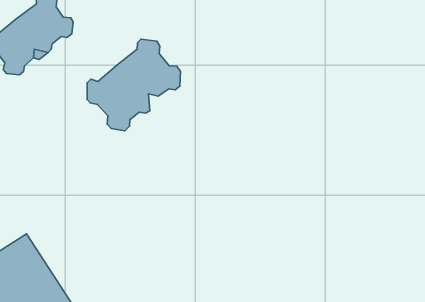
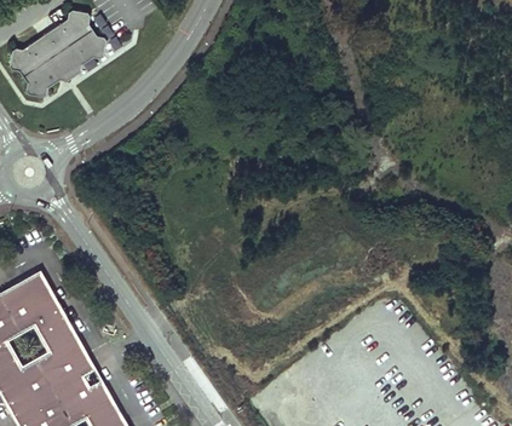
building: [87,39,181,131] -> none

